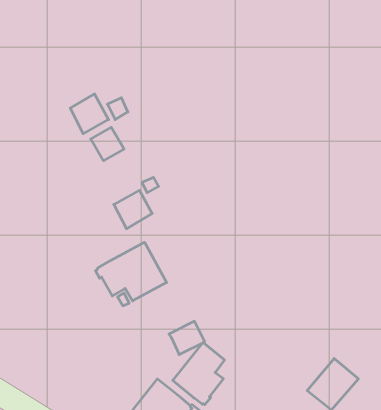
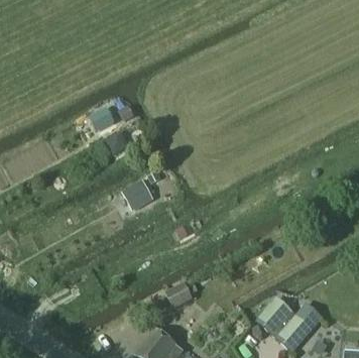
building: [96,242,167,301] -> none
building: none -> [255,294,294,336]
building: [173,342,224,405] -> none

